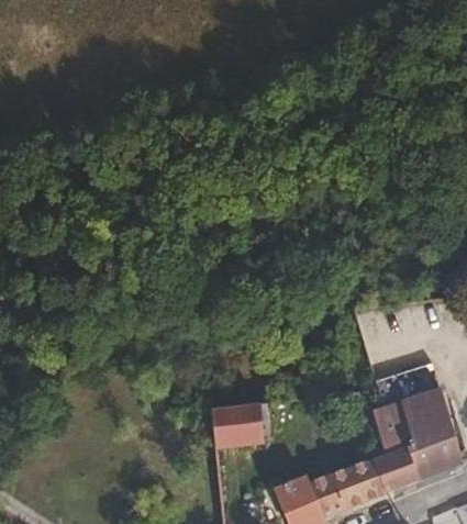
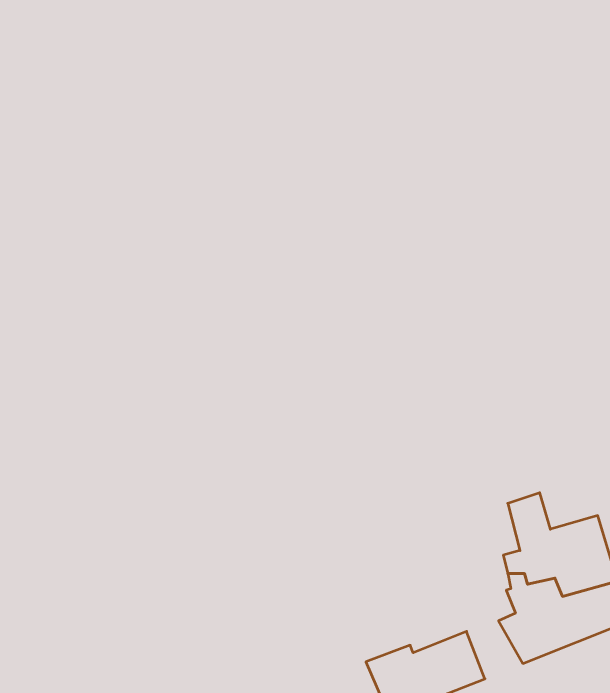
building: [212,405,263,447] -> none
building: [347,461,388,503] -> none

